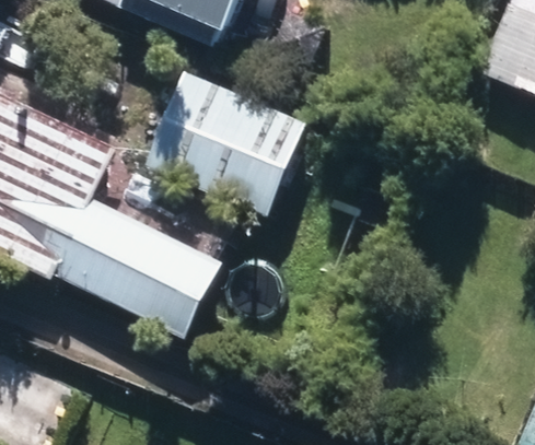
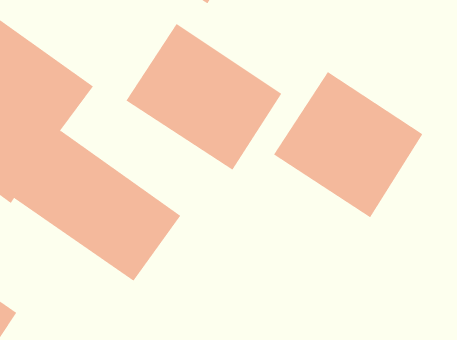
building: none -> [273,71,423,218]

